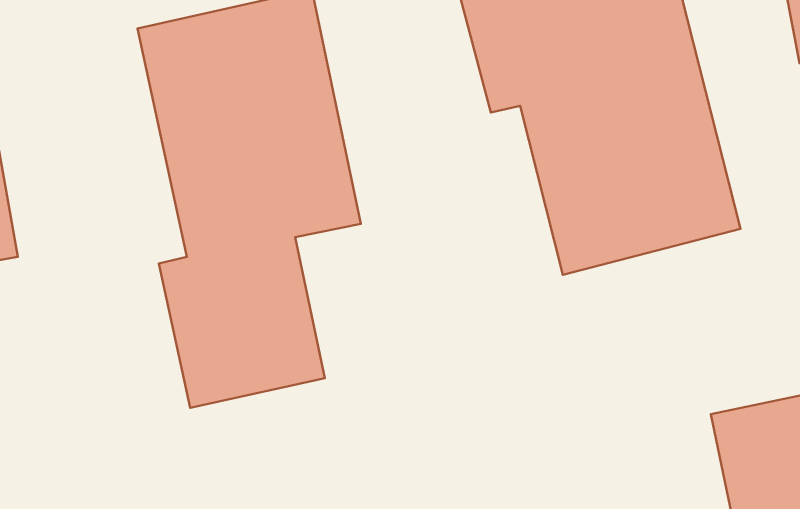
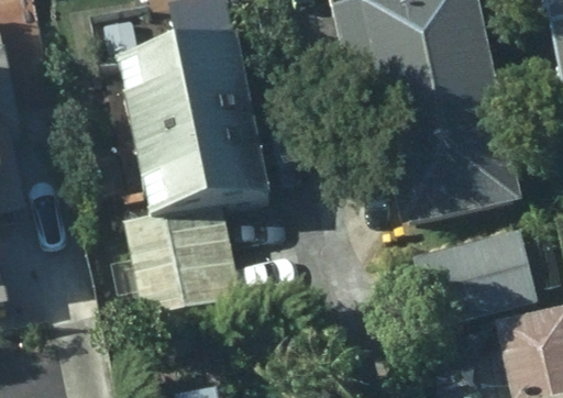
building: none -> [415,224,541,319]

